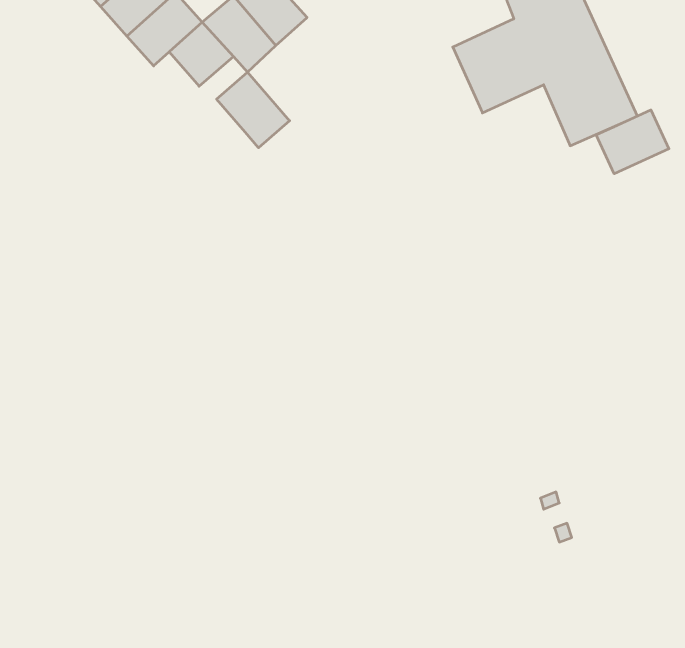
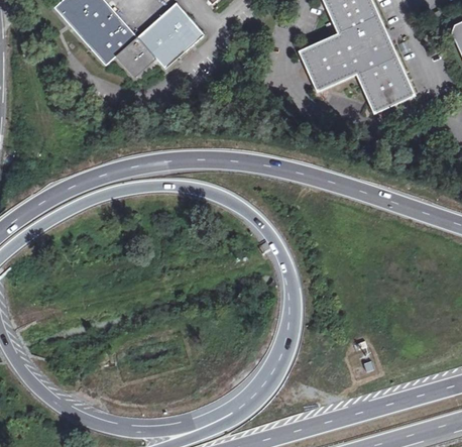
building: [217,72,290,148] -> none
building: [596,110,669,174] -> none

